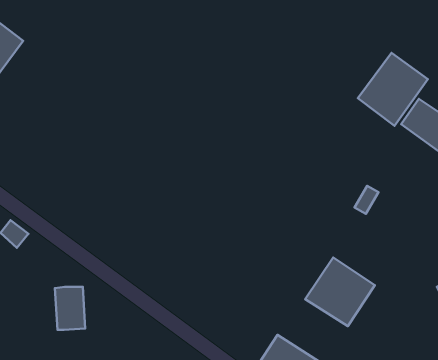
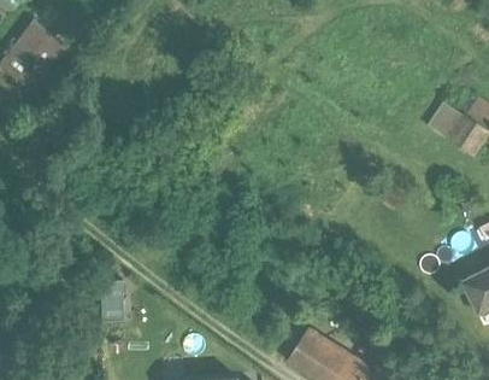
building: [358,53,428,126] -> none
building: [305,257,375,326] -> none

